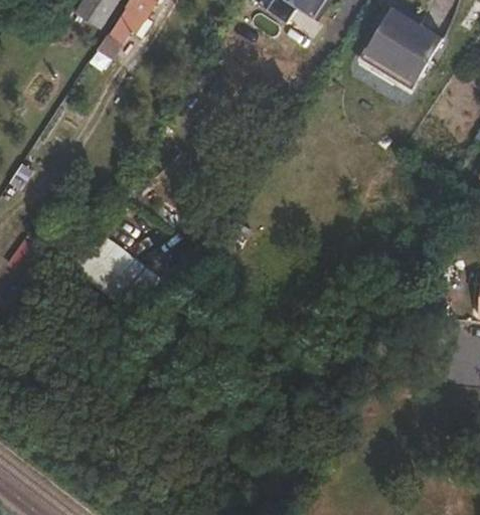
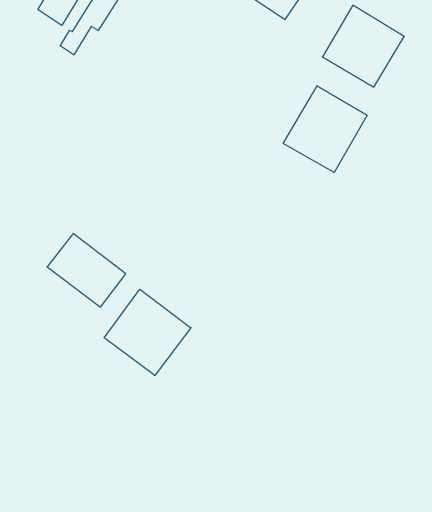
building: none -> [283,86,367,173]
building: none -> [104,289,191,376]

